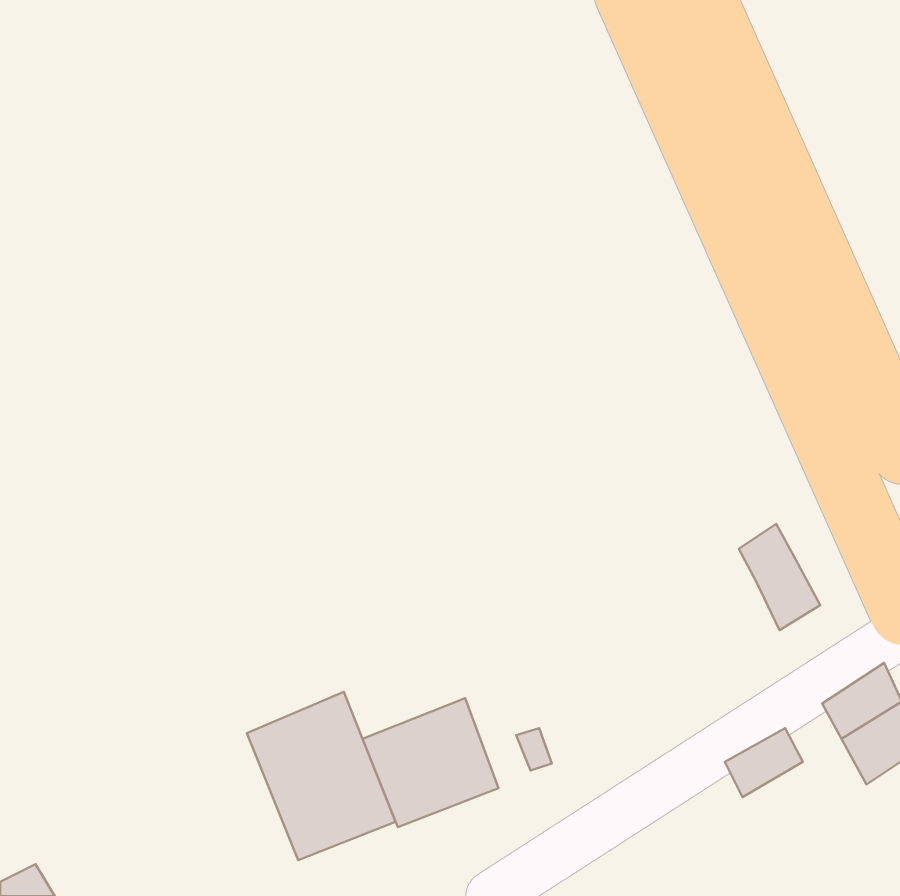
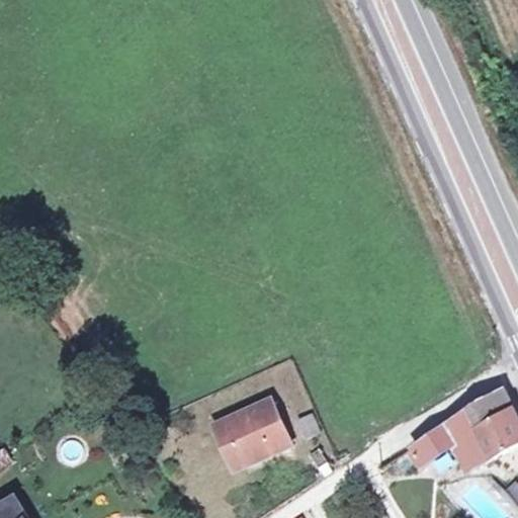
building: [739,524,820,630] -> [451,403,498,463]
building: [247,692,396,860] -> none

